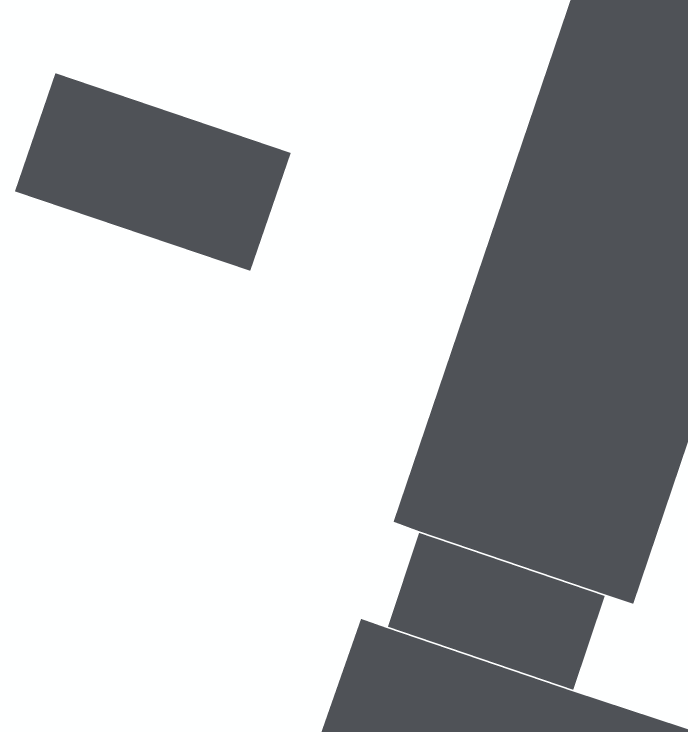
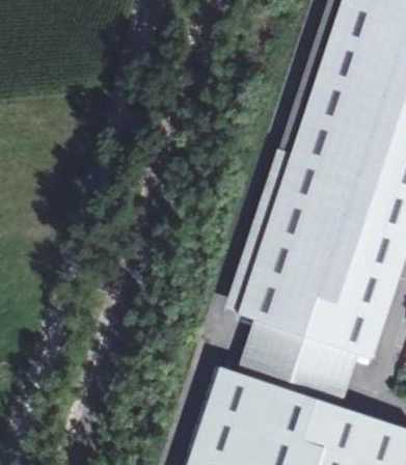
building: [14,72,292,272] -> none

